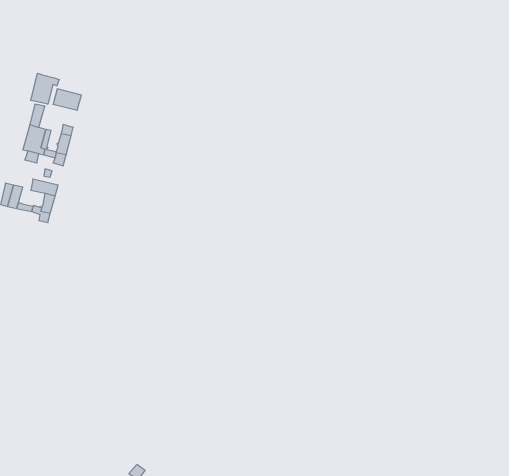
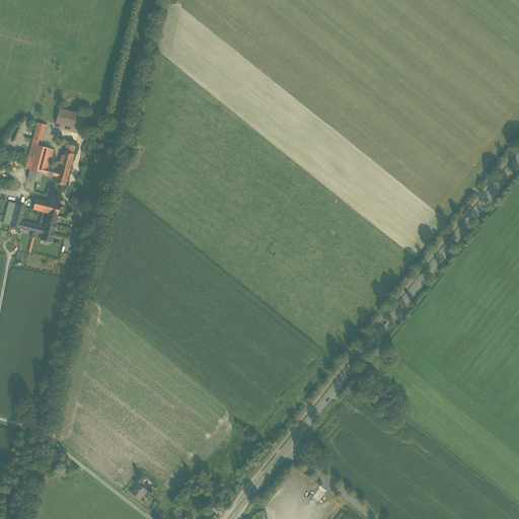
building: [31,73,59,104] -> none

